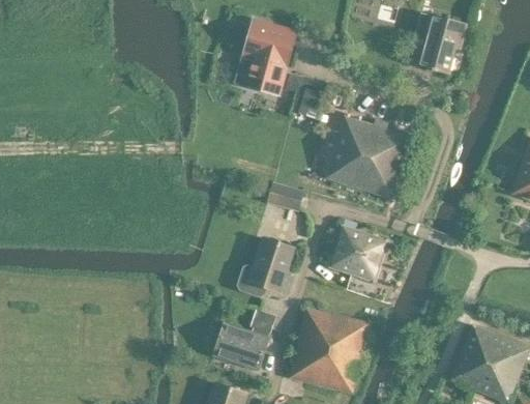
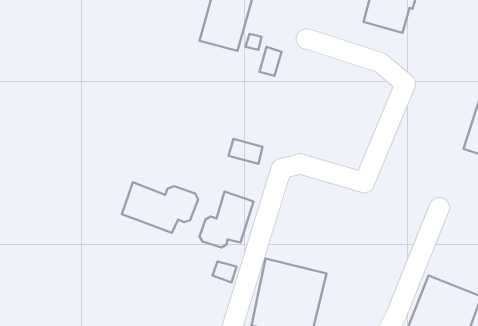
building: [325,115,410,197] -> none
building: [329,227,386,280] -> none
building: none -> [122,182,198,233]
building: [212,323,268,369] -> none

